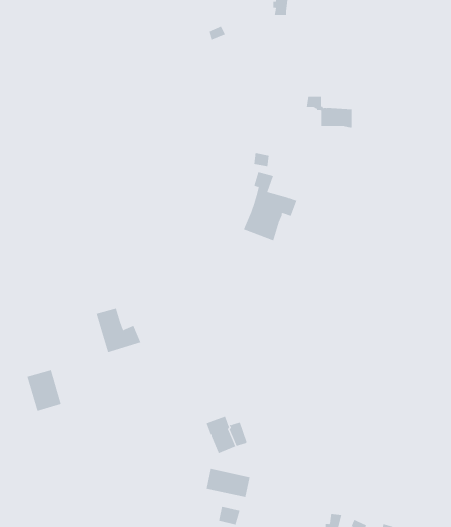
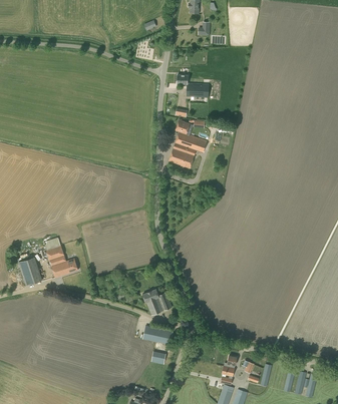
building: [306,96,352,128] -> [177,75,209,97]
building: [96,308,141,353] -> [47,246,78,277]

